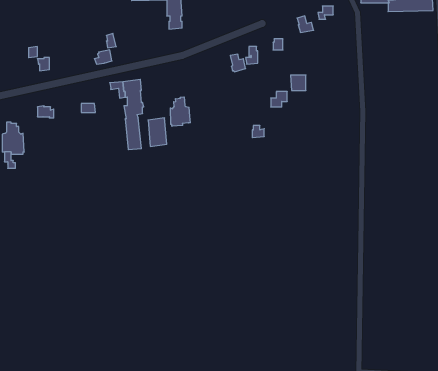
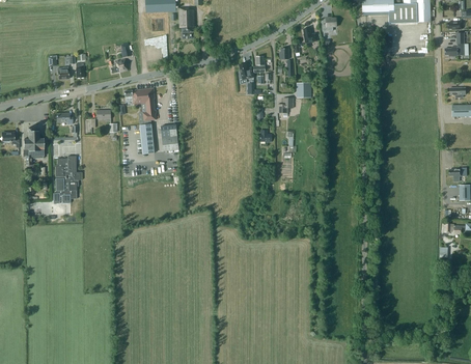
building: [170,97,190,126] -> none
building: none -> [52,155,81,213]

